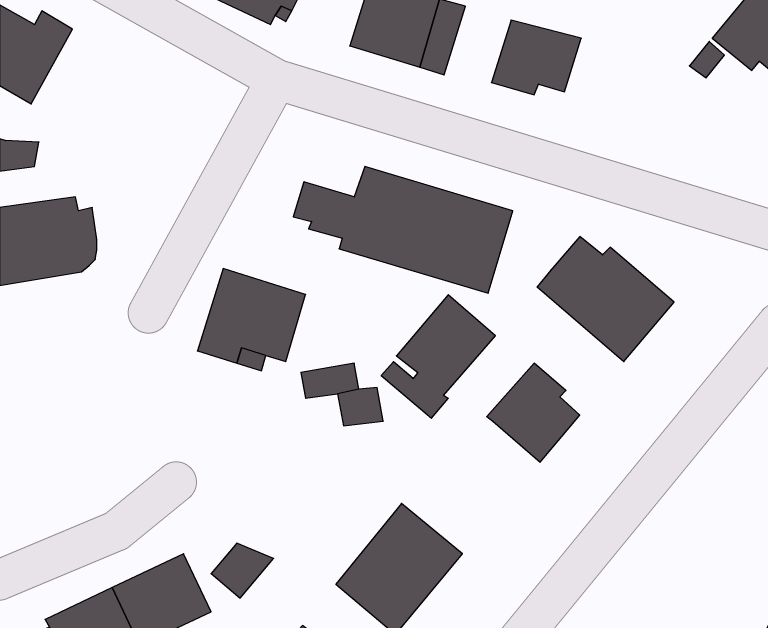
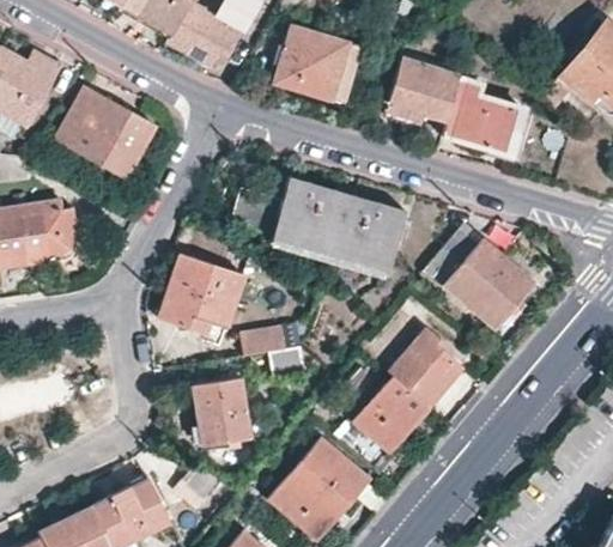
building: none -> [442,74,523,153]
building: none -> [56,89,154,178]
building: [381,295,495,418] -> [338,375,427,472]
building: none -> [193,378,253,446]

